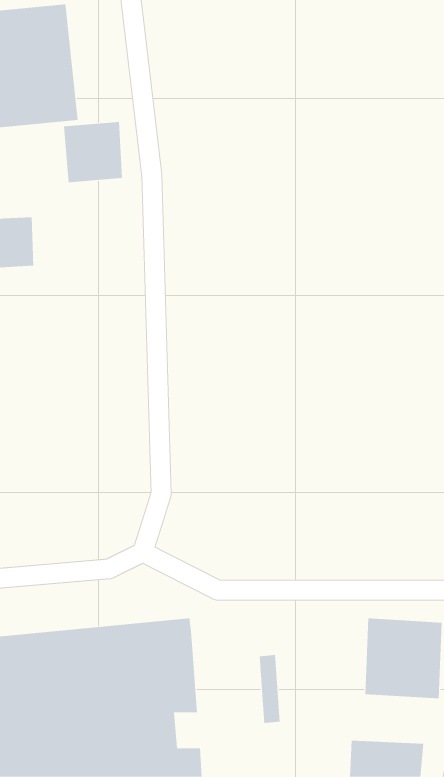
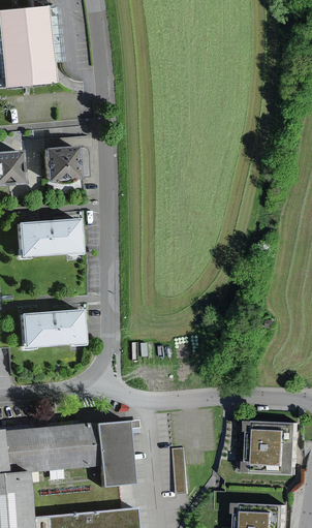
building: [63,122,123,183] -> [46,144,87,185]
building: none -> [13,218,85,259]
building: none -> [21,310,87,350]

